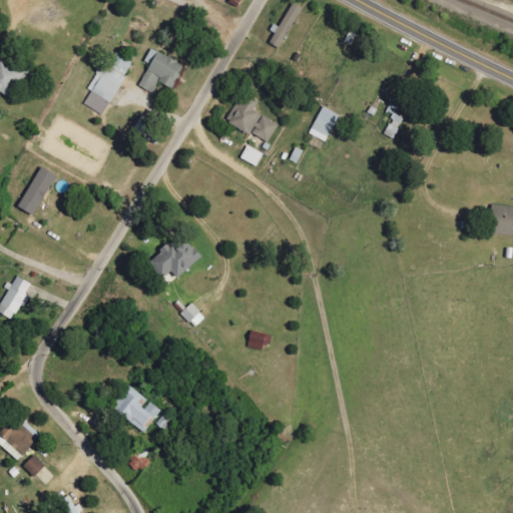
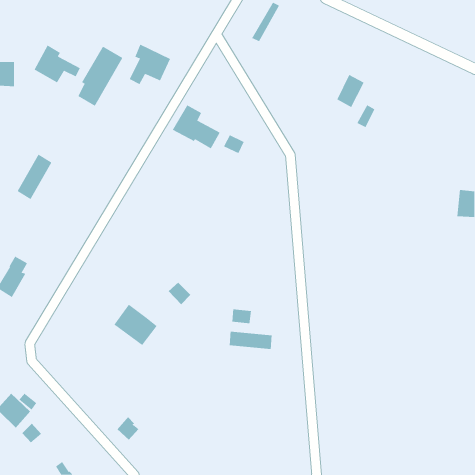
building: none -> [34,44,81,83]
building: [225,93,278,141] -> [172,105,220,149]
building: [309,105,339,141] -> [337,74,365,108]
building: [148,234,201,279] -> none
building: none -> [229,331,272,350]
building: [112,385,159,430] -> [114,304,157,346]

